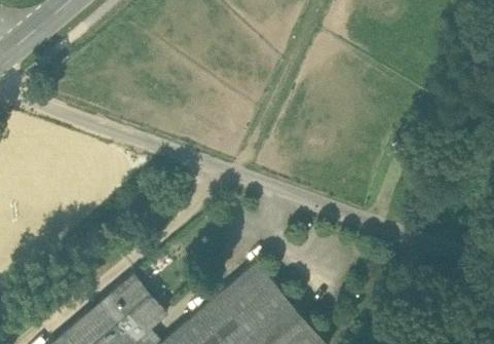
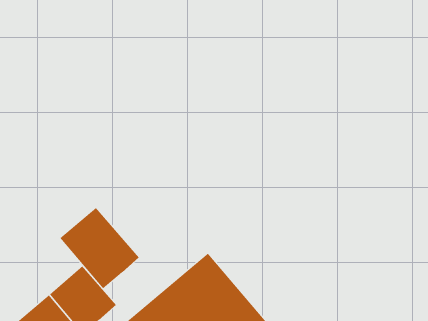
building: none -> [60,207,139,289]

